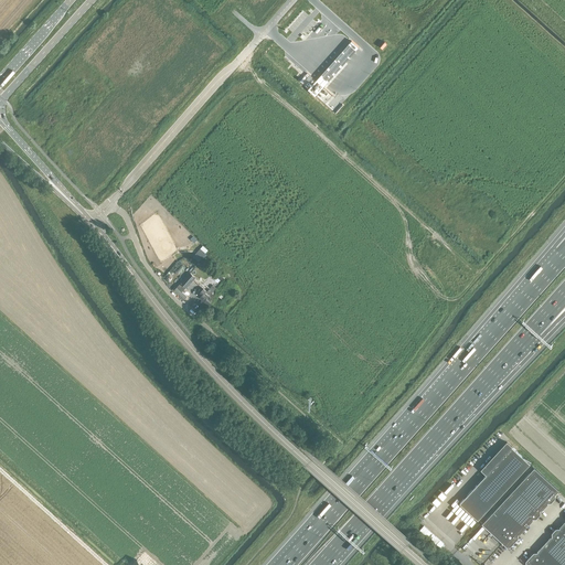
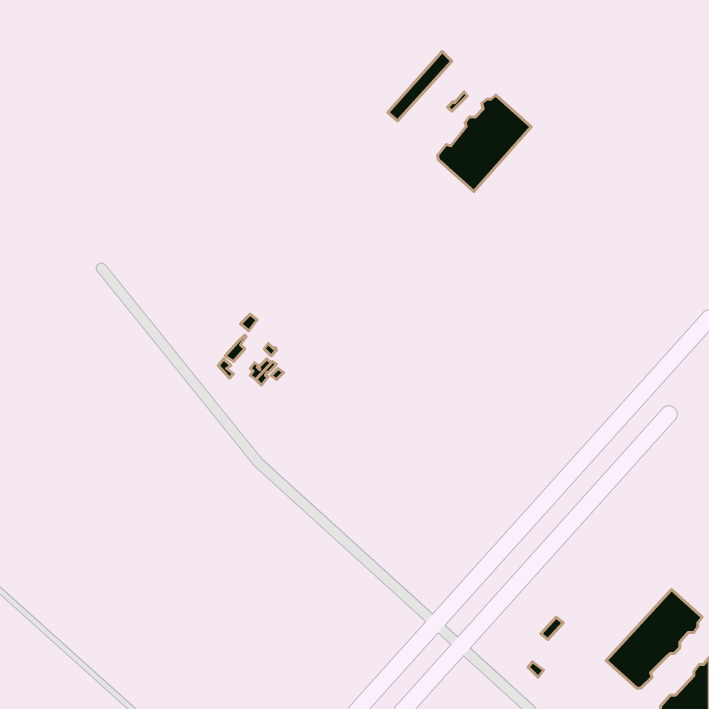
building: none -> [437,95,531,192]
building: [459,444,529,522] -> none

